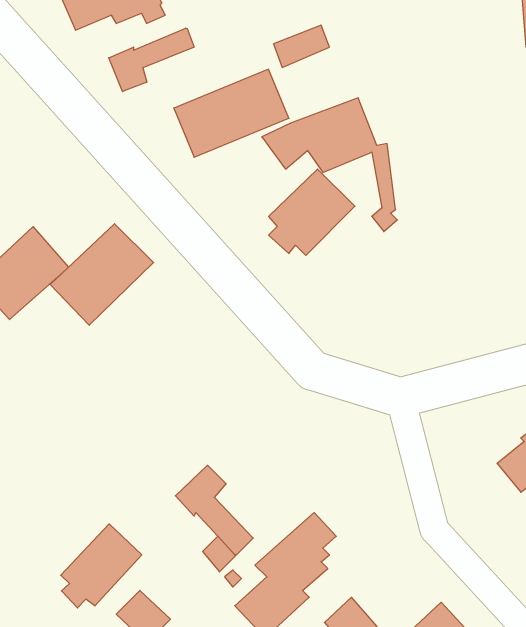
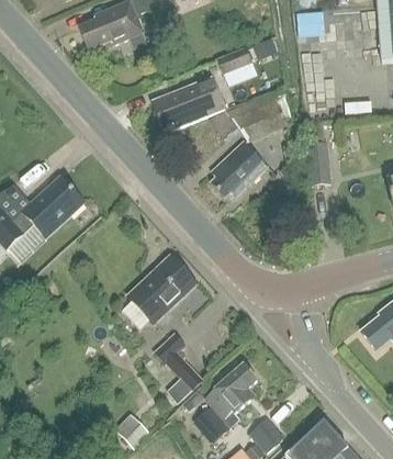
building: [109,28,194,92] -> none
building: none -> [304,143,328,186]
building: [50,224,154,325] -> [128,256,195,322]
building: [61,524,142,608] -> none

